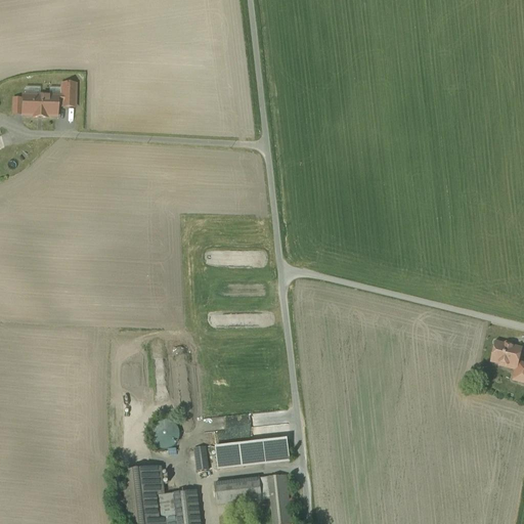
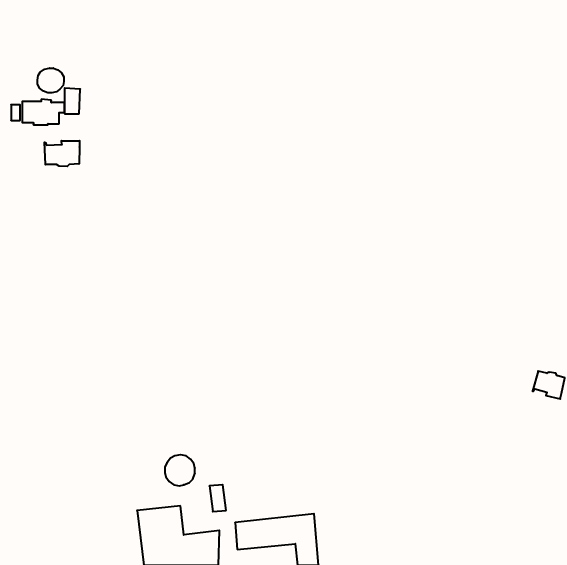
building: none -> [37,68,64,93]
building: none -> [44,141,80,166]
building: [217,436,290,469] -> none

